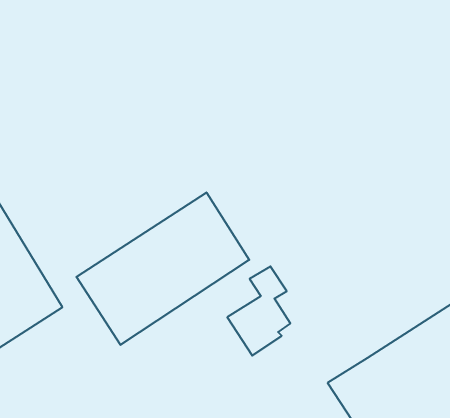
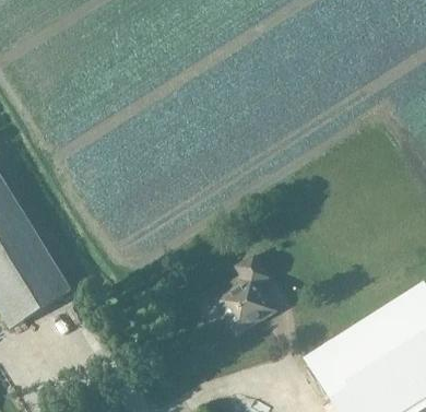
building: [76,192,249,345] -> none

